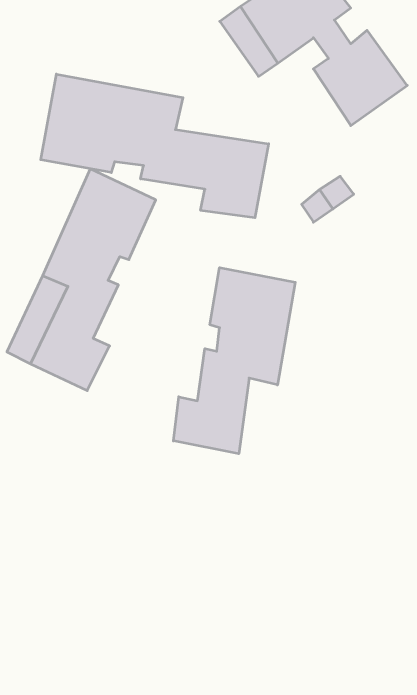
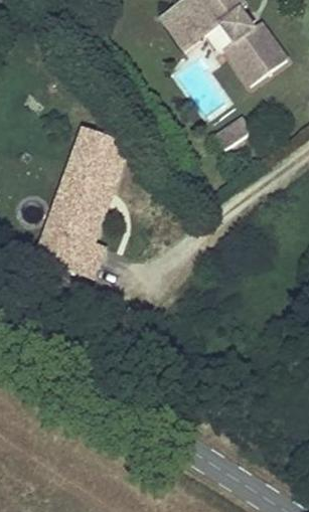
building: [41,74,269,218] -> none
building: [173,268,295,454] -> none

